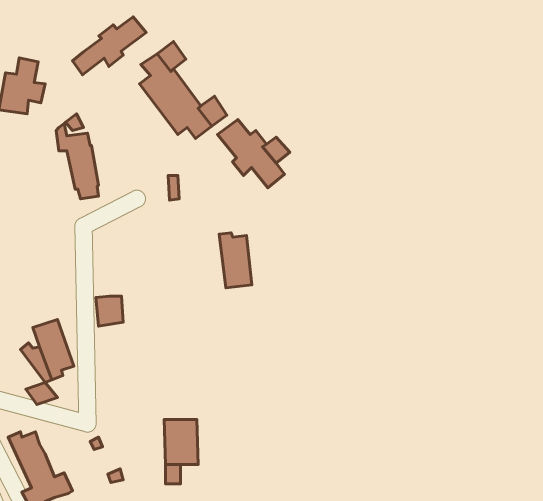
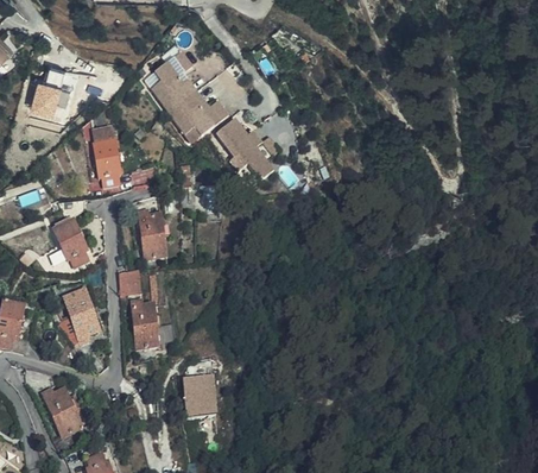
building: [72,17,146,75] -> none
building: none -> [52,201,89,267]
building: [219,233,252,288] -> [138,212,166,259]
building: none -> [133,301,159,349]

